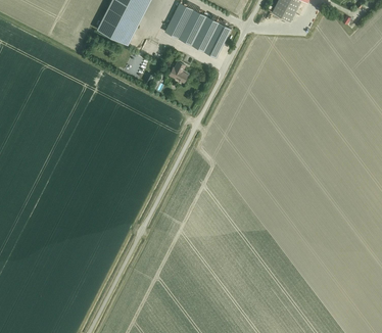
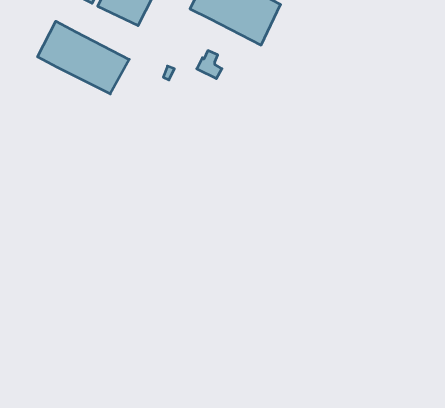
building: none -> [38,21,129,94]

